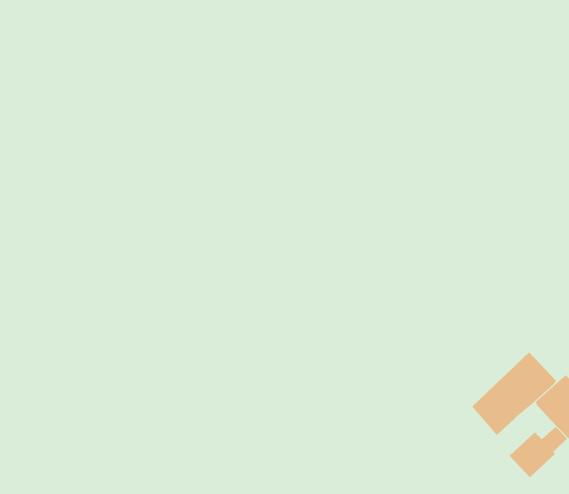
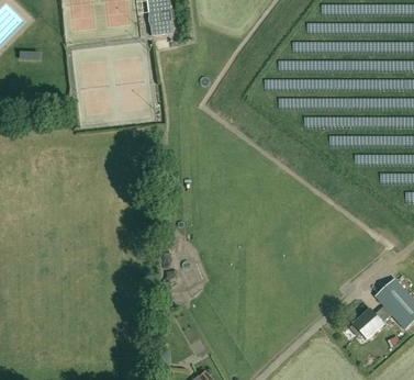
building: [471,351,557,436] -> none

